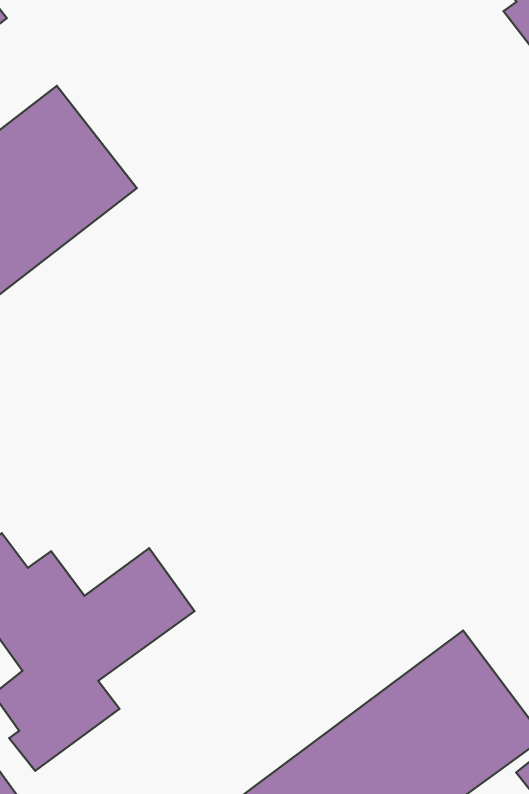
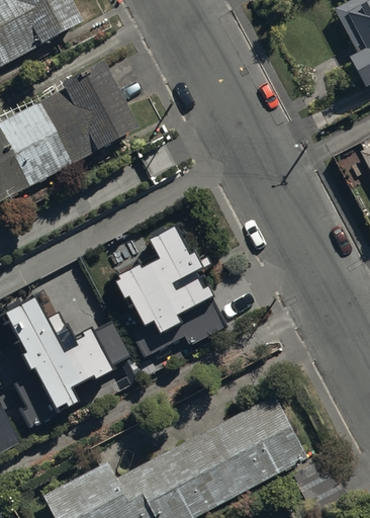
building: none -> [121,229,227,359]

